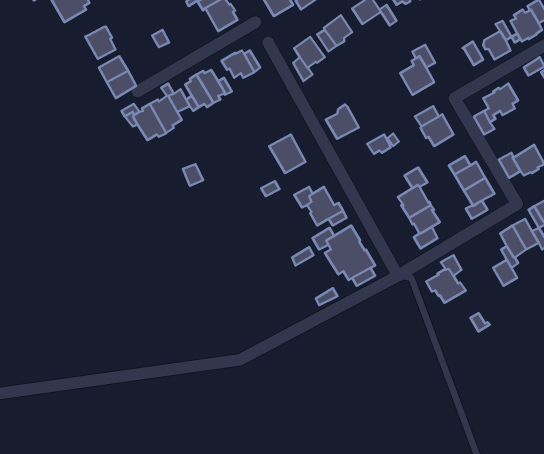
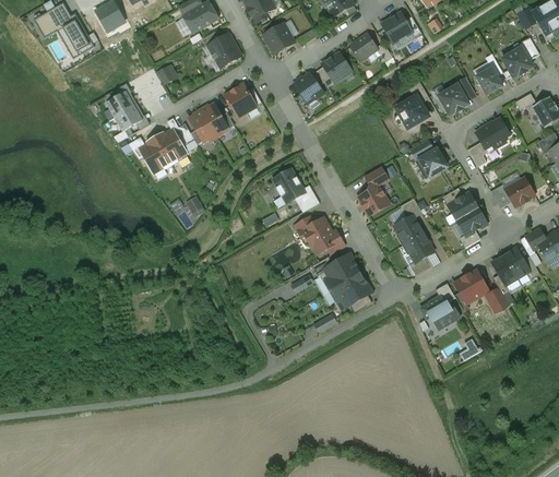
building: [85,27,116,59] -> none
building: none -> [438,84,468,115]
building: [326,105,359,139] -> [357,182,389,215]
building: none -> [454,271,487,302]

